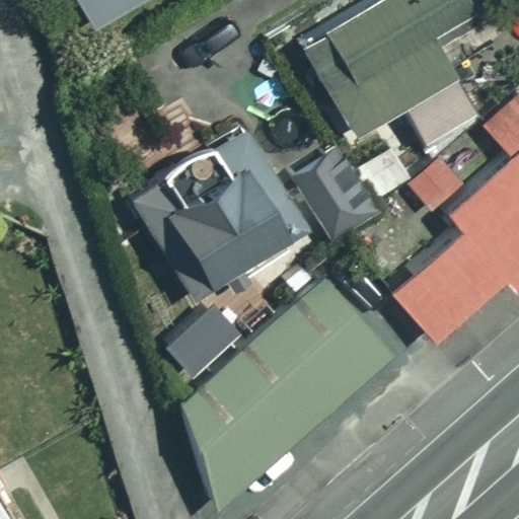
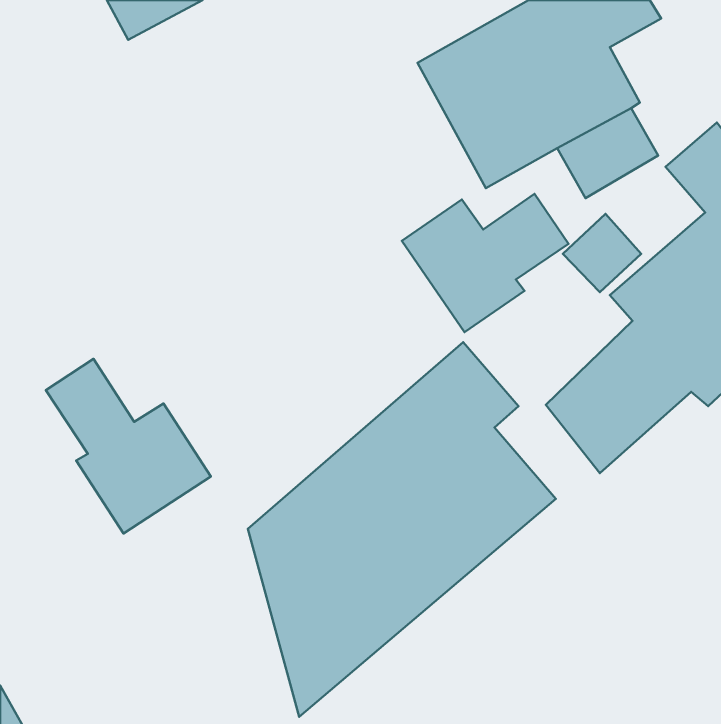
building: [131,141,312,305] -> none
building: none -> [46,359,211,533]

